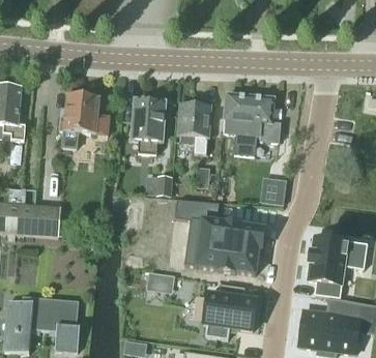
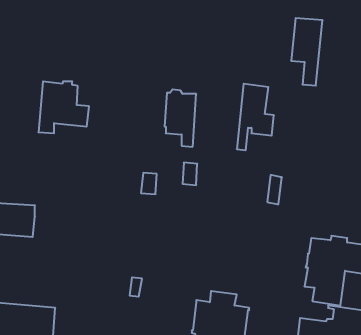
building: [222,92,251,154] -> [291,18,323,86]
building: [132,97,164,154] -> none
building: [174,199,264,273] -> none

